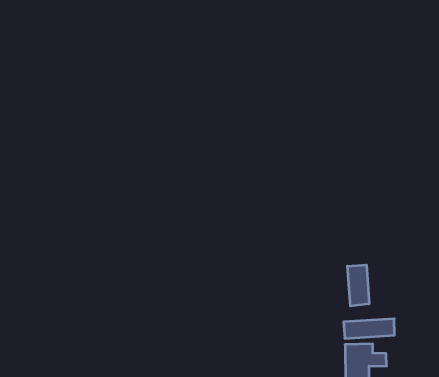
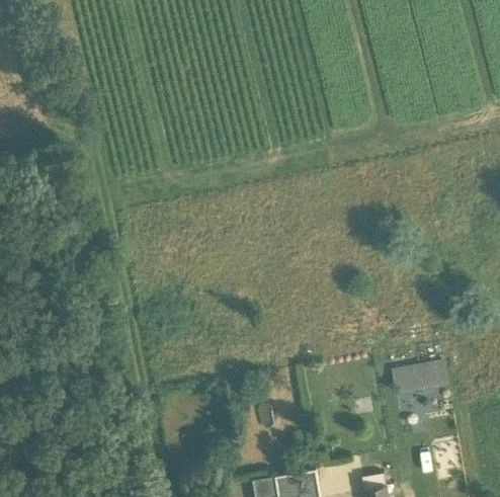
building: [347,265,369,306] -> none

